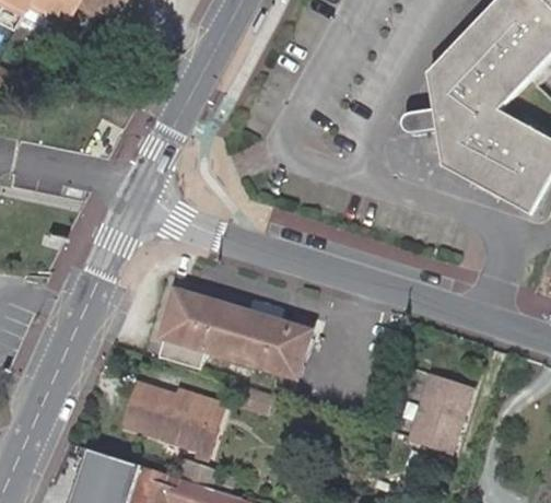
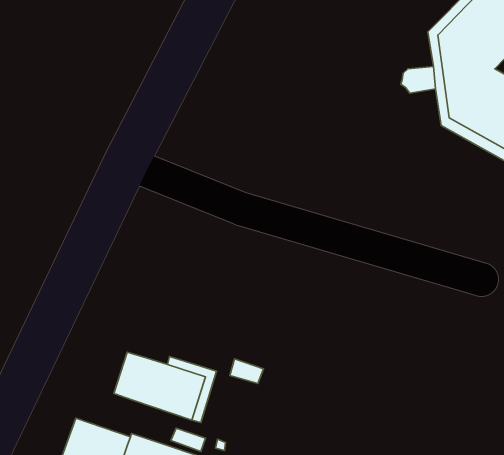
building: [156,293,307,374] -> none
building: [409,375,473,455] -> none

